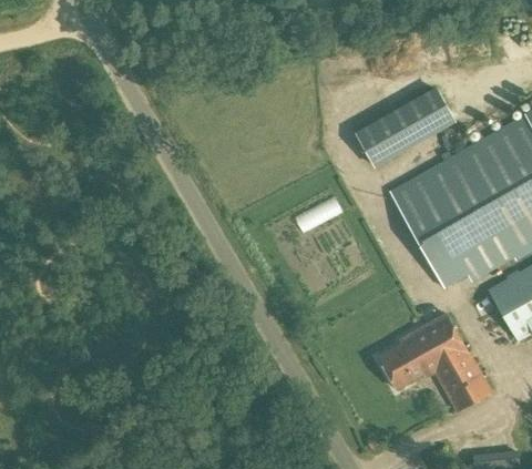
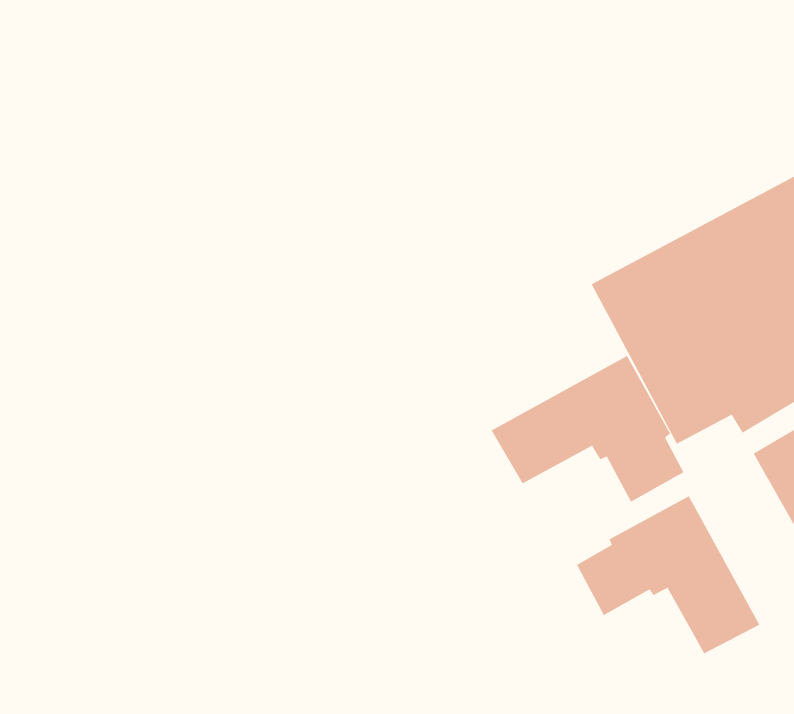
building: [357,89,459,172] -> none
building: none -> [491,355,684,503]

